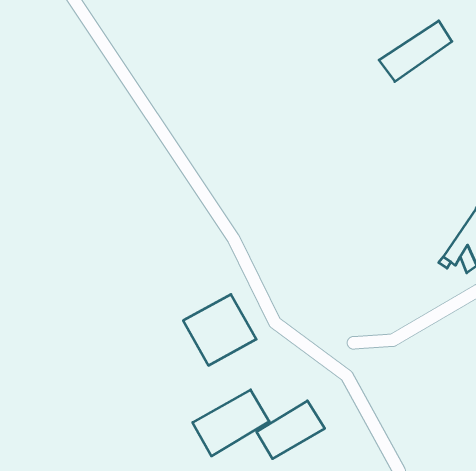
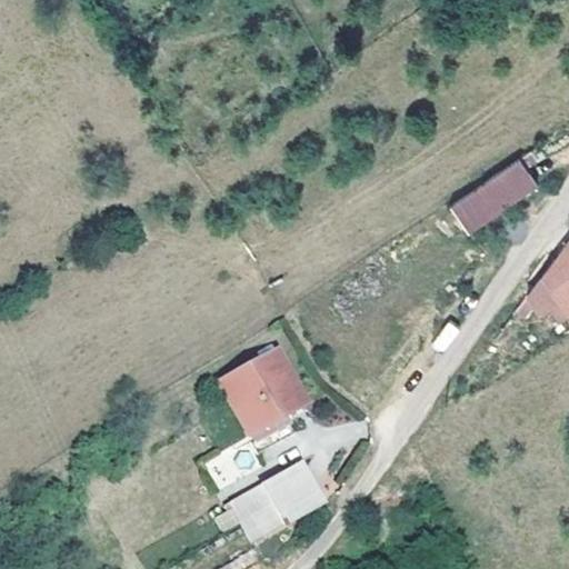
building: [379,21,452,82] -> [452,154,539,227]
building: [257,401,325,459] -> none

